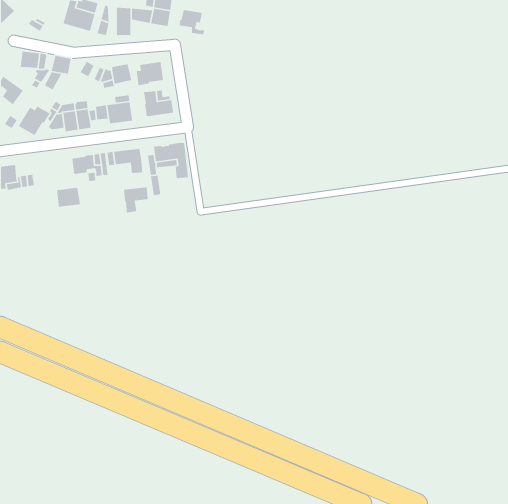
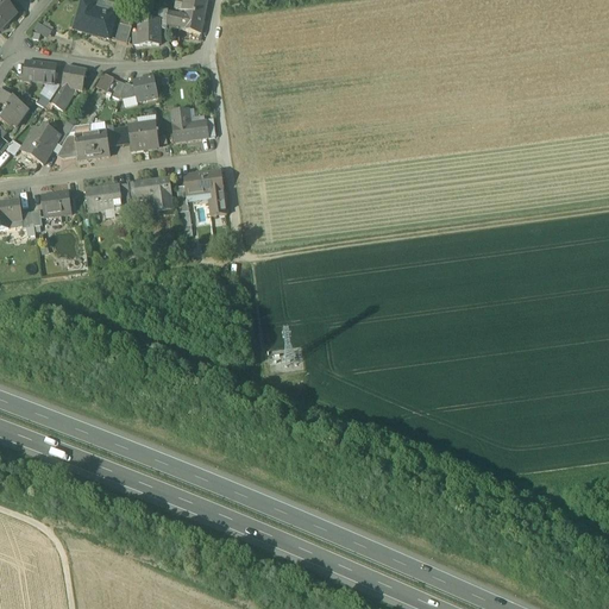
building: [179,9,205,35] -> none
building: [136,61,164,86] -> none
building: [123,187,148,213] -> none
building: [56,187,81,208] -> [42,190,71,215]

